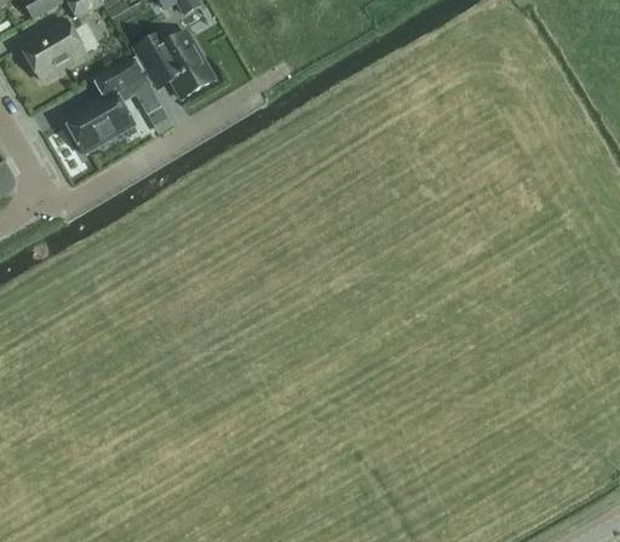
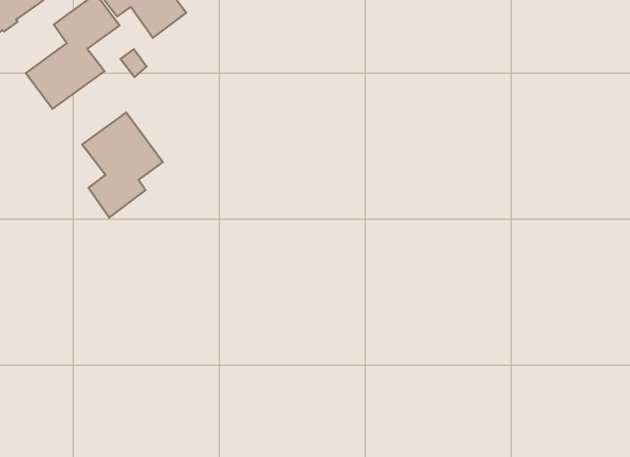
building: none -> [82,113,163,218]

